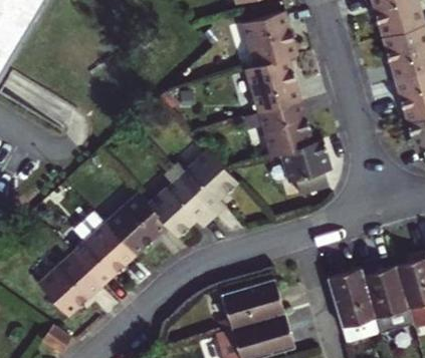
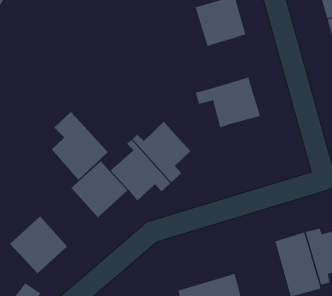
building: [242,58,299,114] -> none
building: [278,141,331,198] -> none
building: [70,211,134,287] -> [51,111,108,181]
building: [217,281,284,335] -> none

